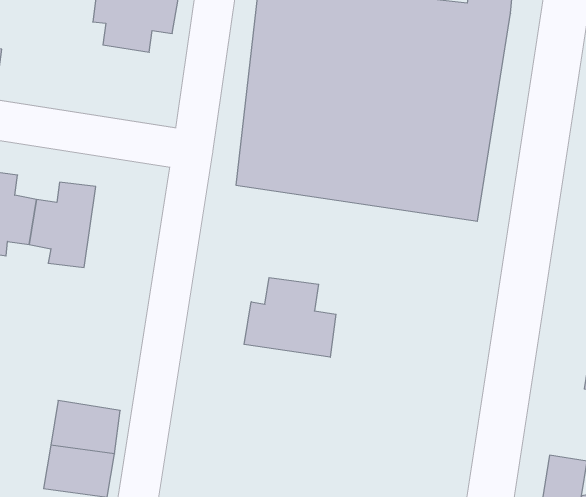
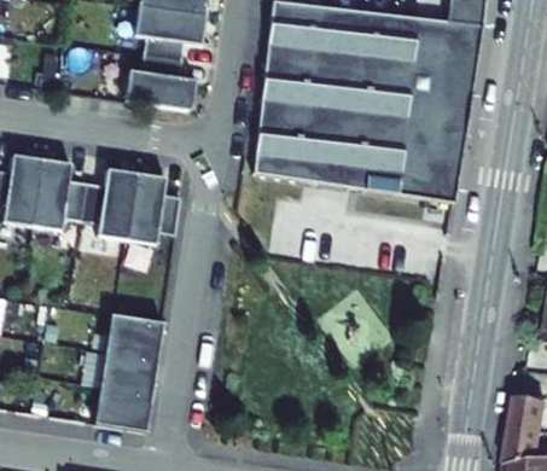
building: none -> [123,53,194,109]
building: none -> [126,171,180,244]
building: [244,278,336,357] -> none
building: none -> [104,314,162,359]

